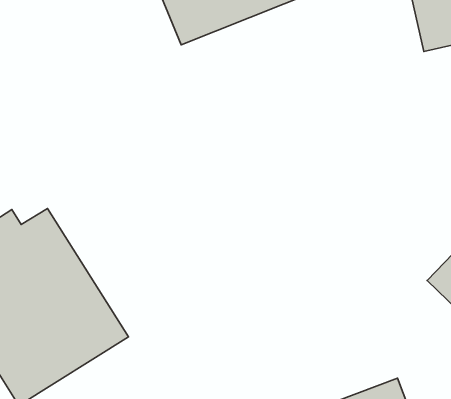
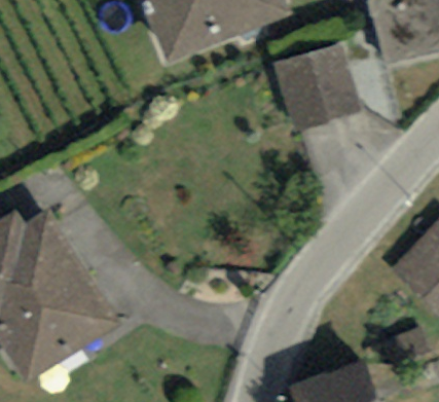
building: none -> [271,41,364,134]

